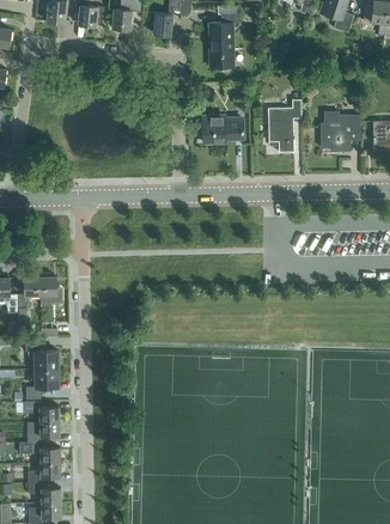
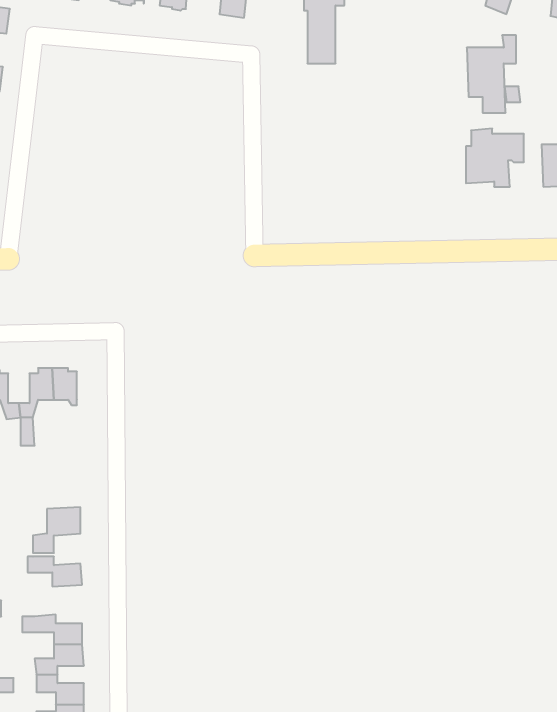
building: [268,99,301,152] -> [467,35,516,113]
building: [202,116,243,142] -> none
building: [25,339,59,370] -> none
building: [26,421,60,443] -> none

